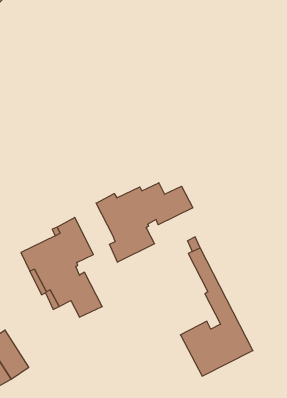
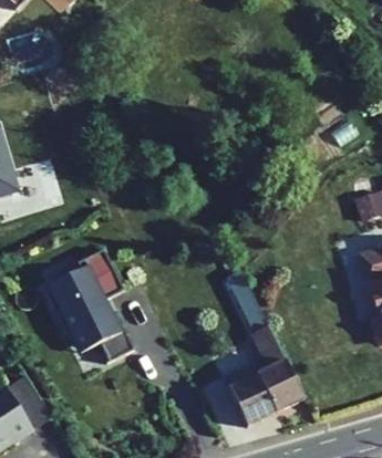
building: [96,183,193,262] -> none

